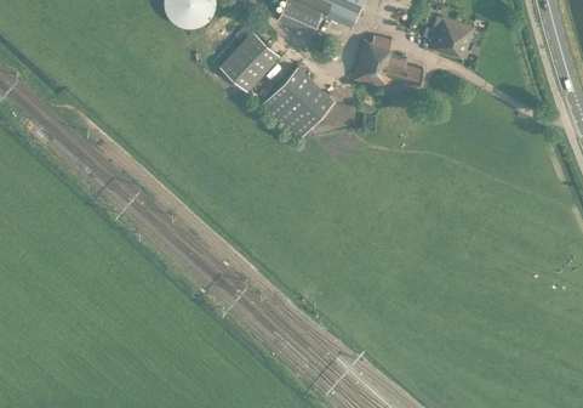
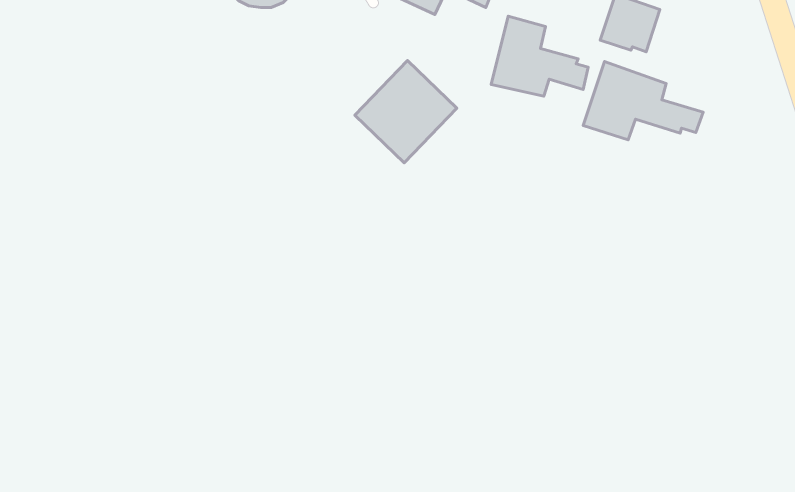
building: [218,28,278,89] -> none
building: none -> [583,62,703,140]

